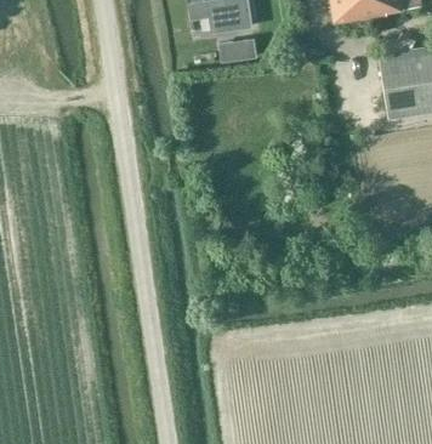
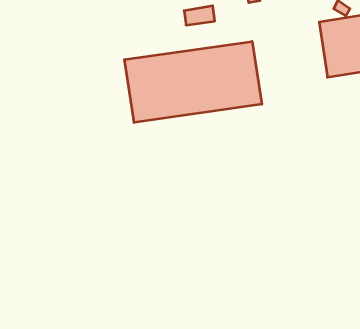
building: none -> [124,41,262,123]

